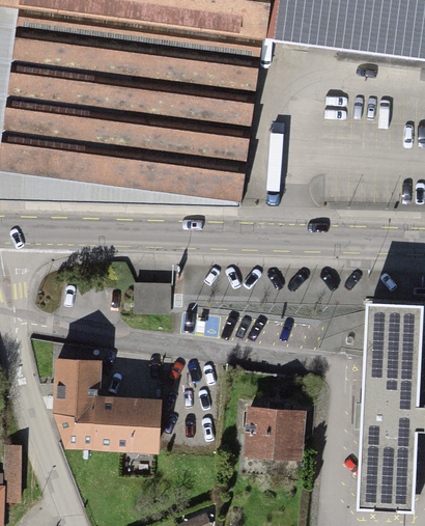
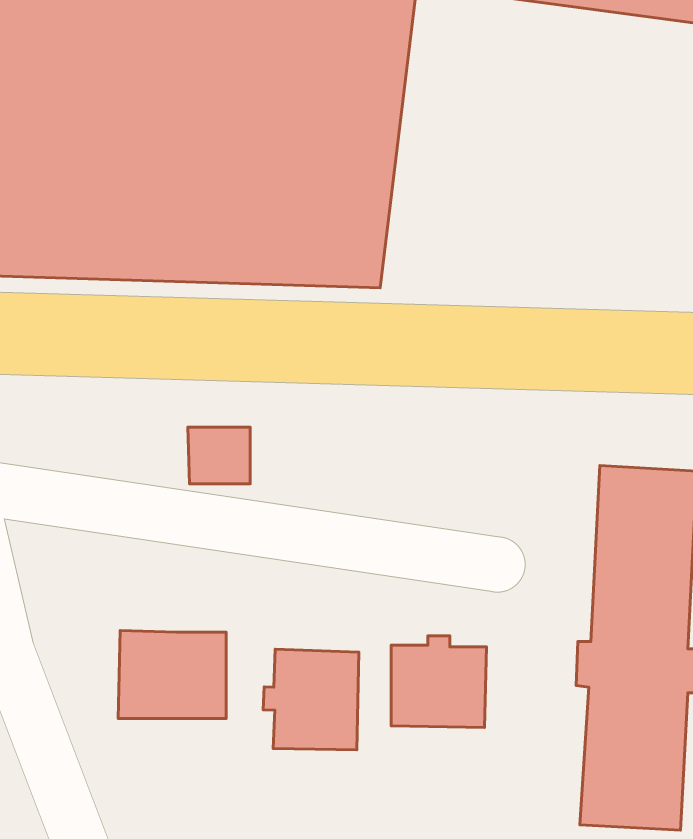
building: [54,355,95,449] -> none
building: none -> [263,649,359,750]

